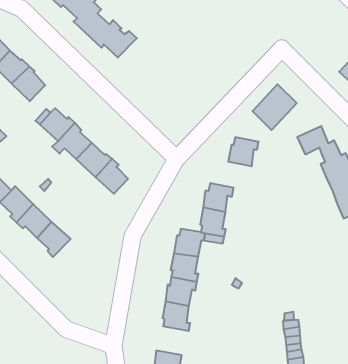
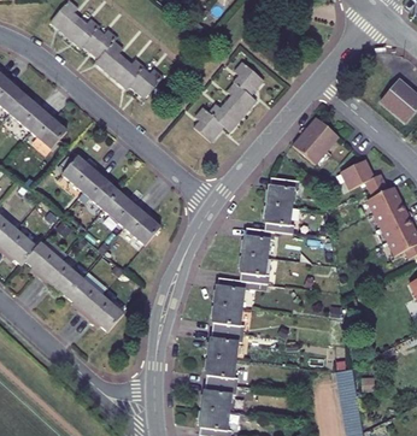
building: none -> [194,61,264,142]
building: none -> [265,202,294,232]
building: none -> [86,294,124,330]
building: none -> [201,382,235,412]

